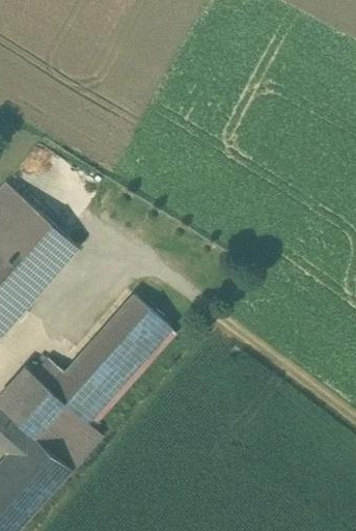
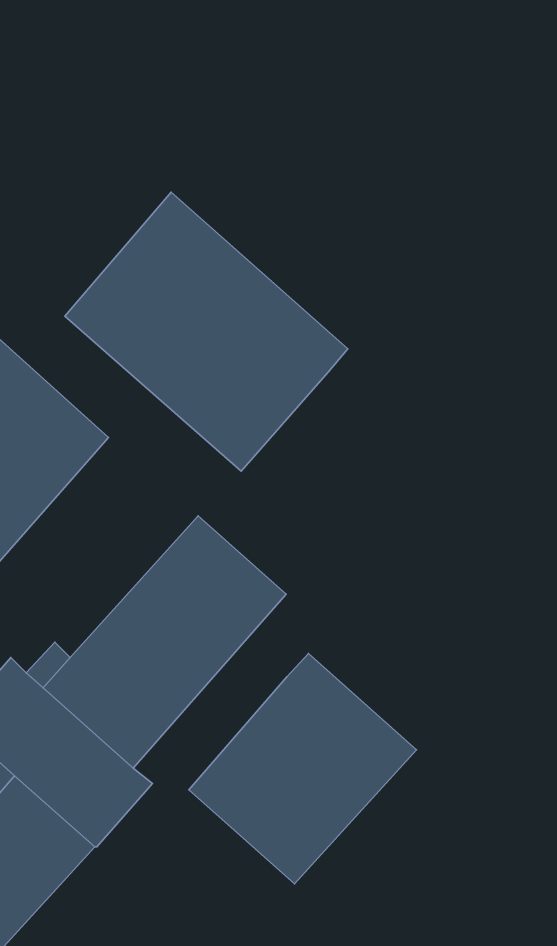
building: none -> [65,192,348,471]
building: none -> [189,653,417,884]

